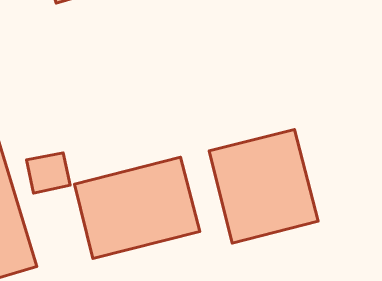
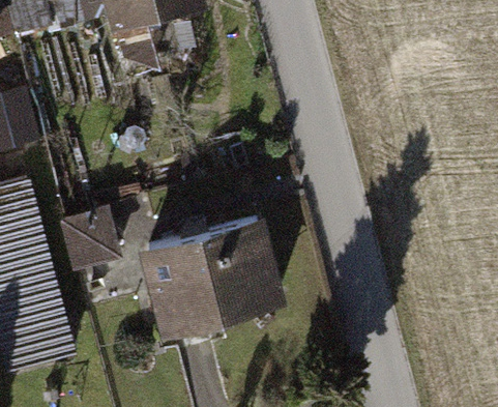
building: [209,130,318,243] -> none

